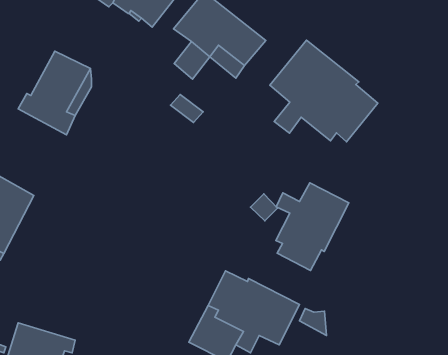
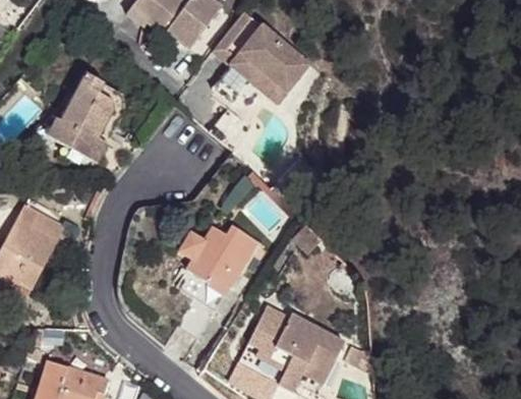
building: [270,40,378,142] -> none
building: [276,183,349,271] -> none
building: none -> [180,225,255,304]

